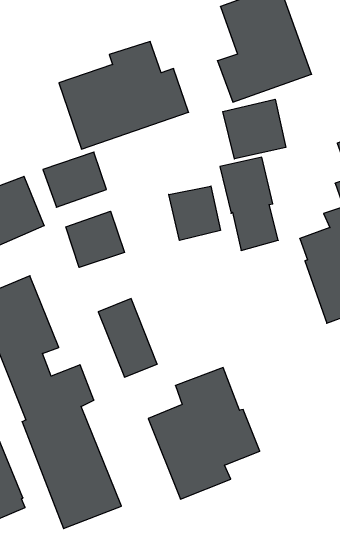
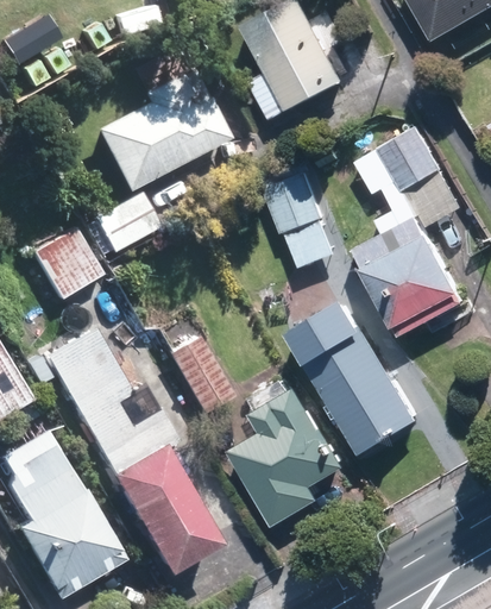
building: [223,99,286,159] -> none
building: [169,186,220,240] -> none
building: [66,211,124,267] -> none
building: none -> [283,302,411,456]

